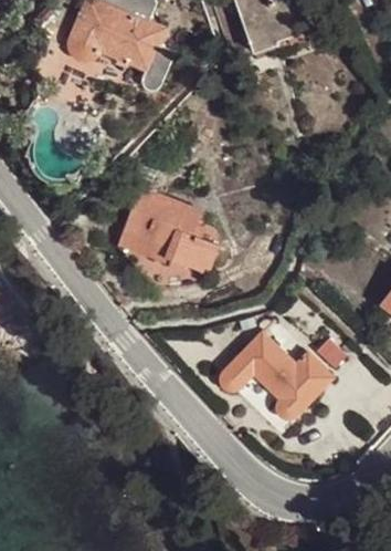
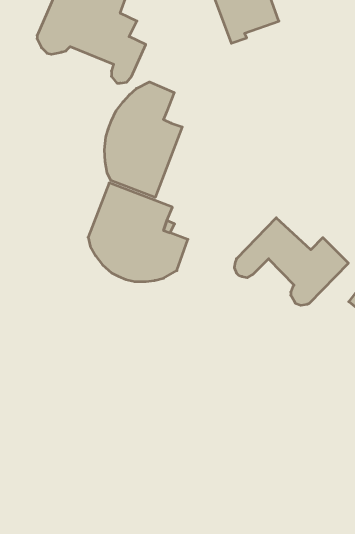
building: none -> [104,82,182,197]
building: [219,332,332,419] -> [234,218,348,305]

